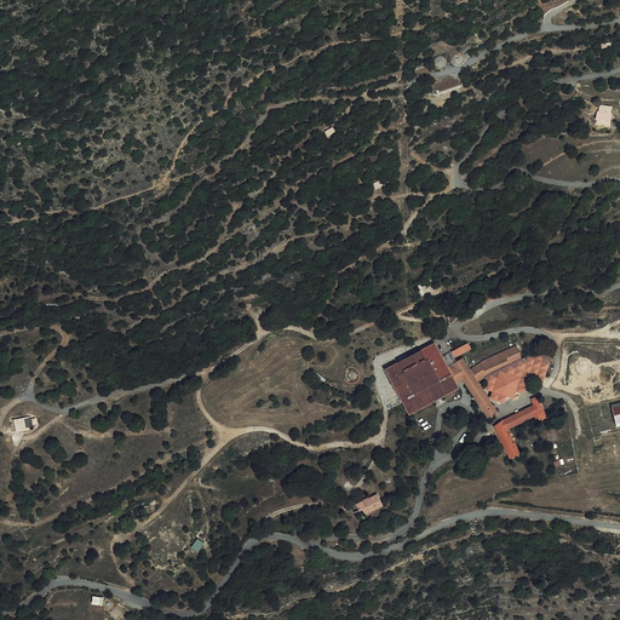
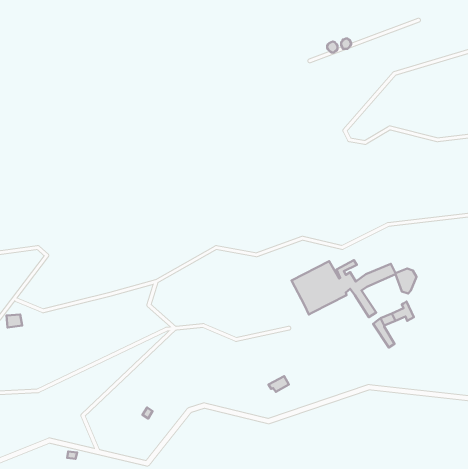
building: [483,361,529,403] -> none

